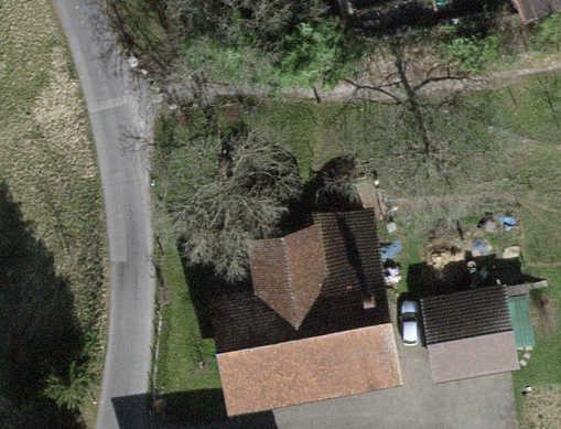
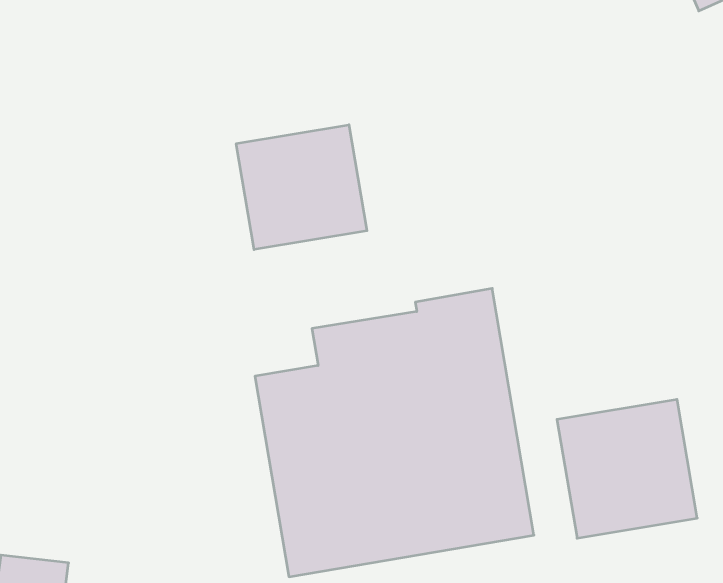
building: none -> [236,125,367,250]

